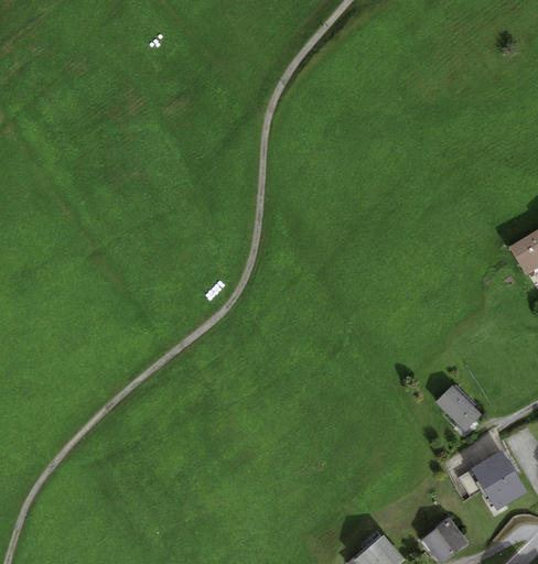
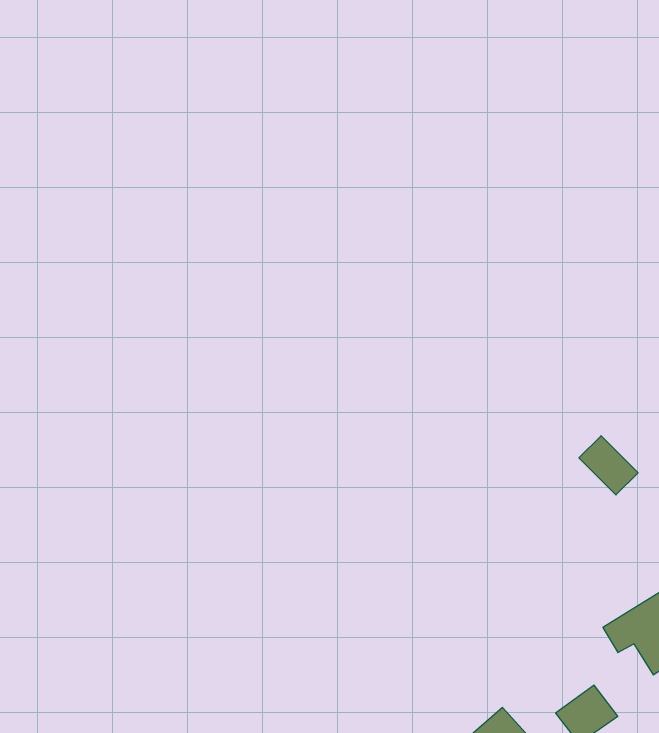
building: [439,388,483,432] -> [579,436,638,495]

